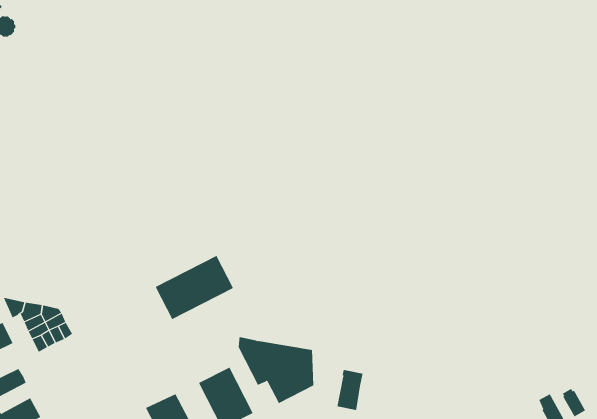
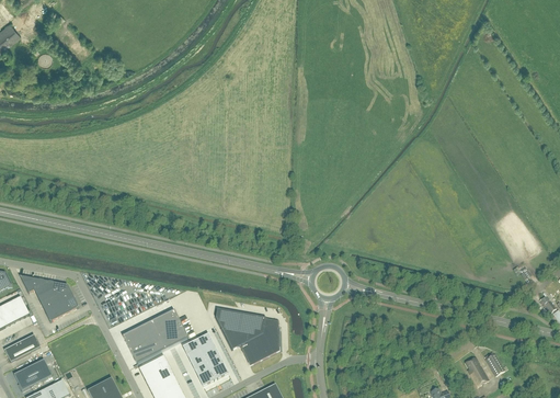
building: [155,255,234,320] -> [122,309,187,363]
building: [337,369,363,411] -> none

